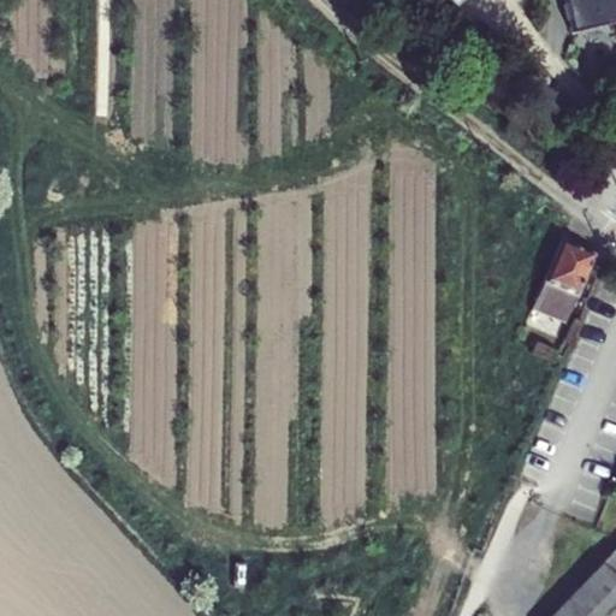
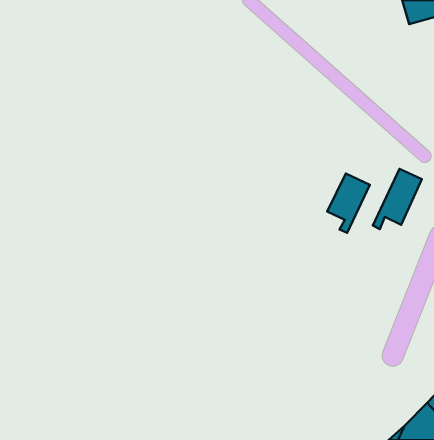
building: none -> [327,174,370,233]

